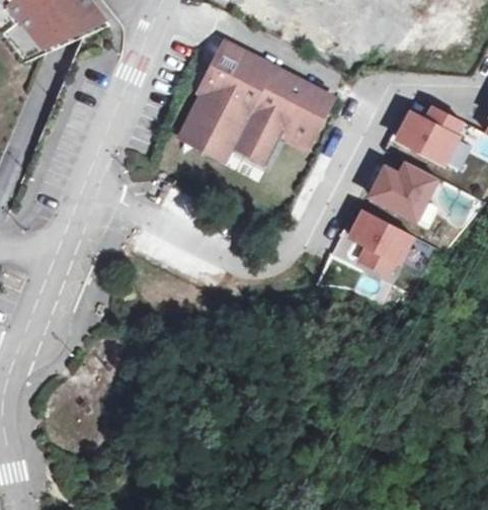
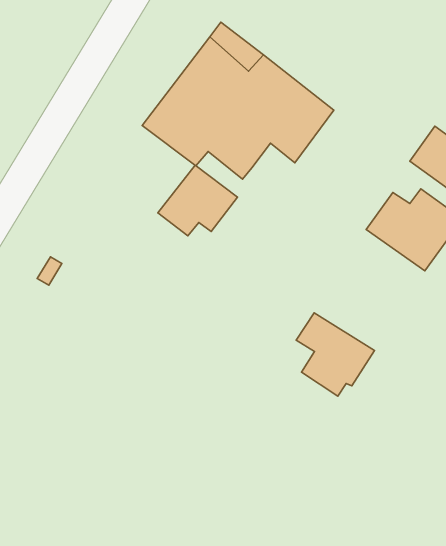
building: none -> [158,165,237,236]
building: [352,211,417,276] -> [296,313,375,396]

